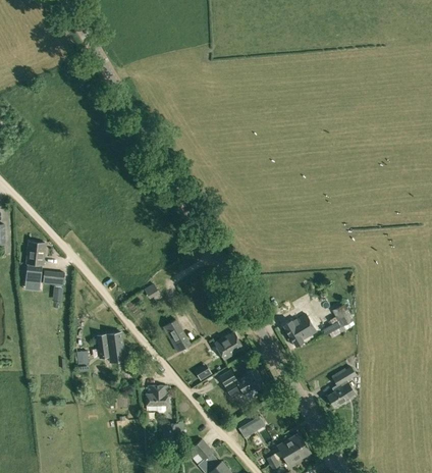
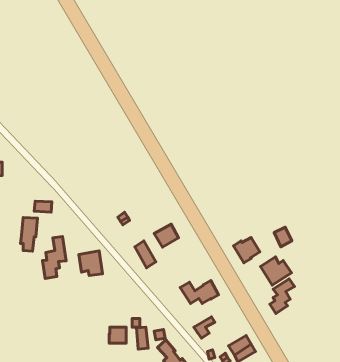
building: [25,243,46,283] -> [21,217,37,251]
building: none -> [42,237,66,278]
building: [214,332,244,360] -> [154,224,179,247]
building: none -> [260,257,291,285]
building: [147,386,167,406] -> [109,327,126,343]

